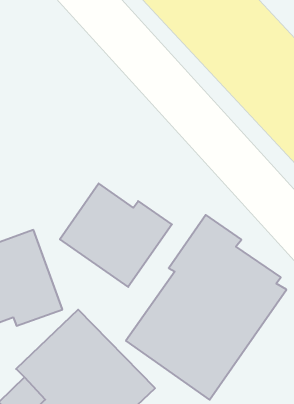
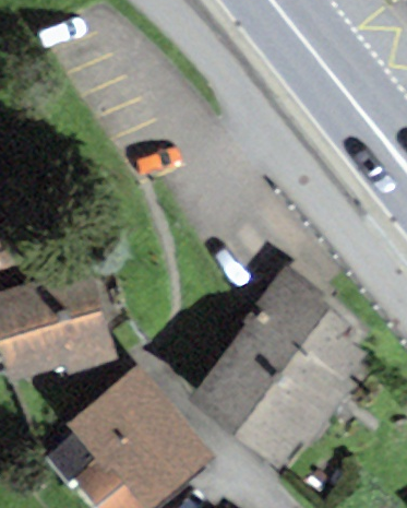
building: [60,183,172,287] -> none

